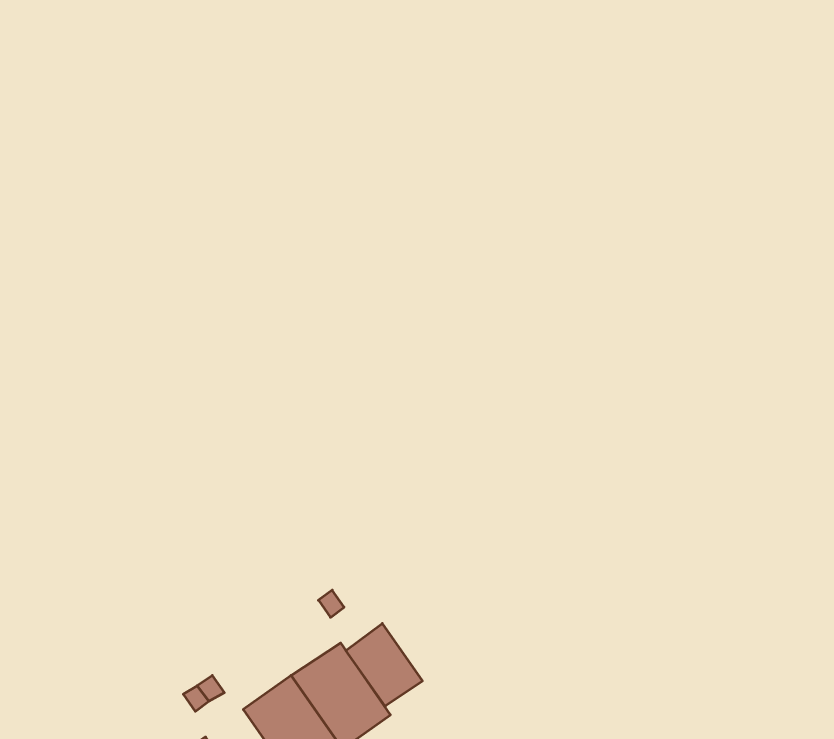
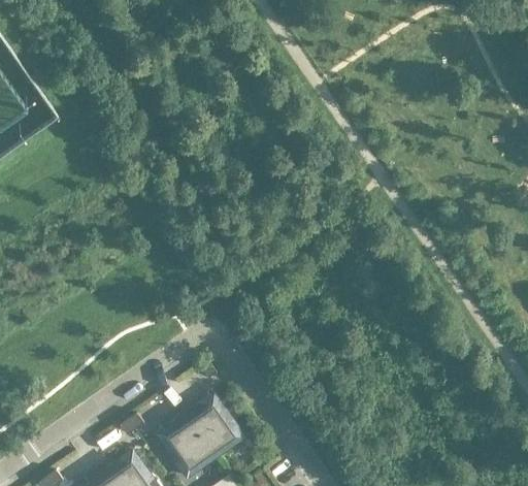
building: [346,623,422,706] -> none

